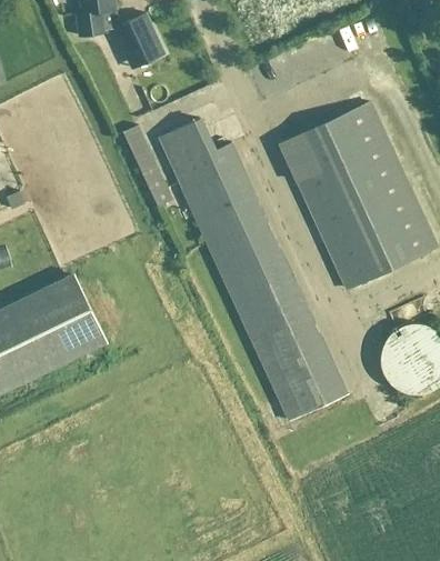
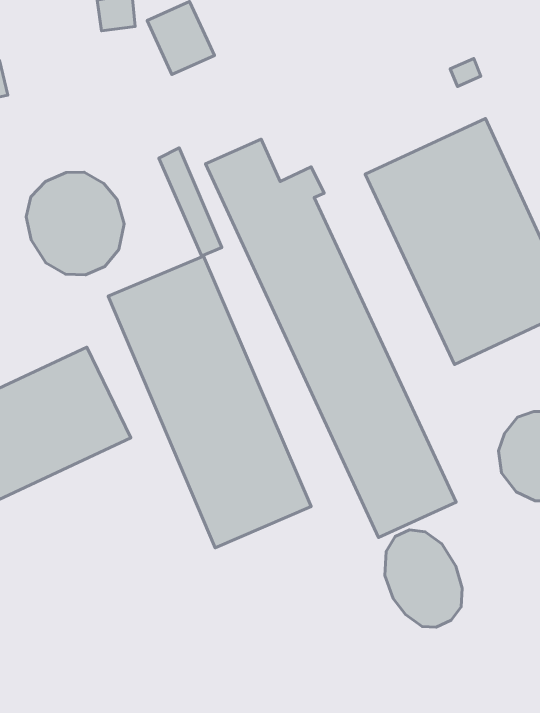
building: none -> [26,172,124,275]
building: none -> [108,256,311,548]
building: none -> [385,530,462,627]

